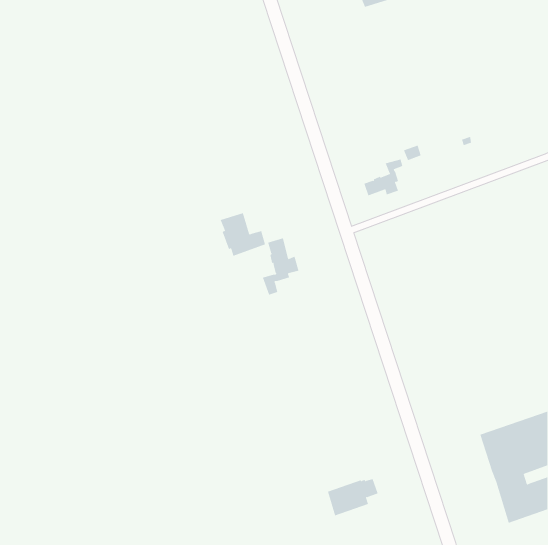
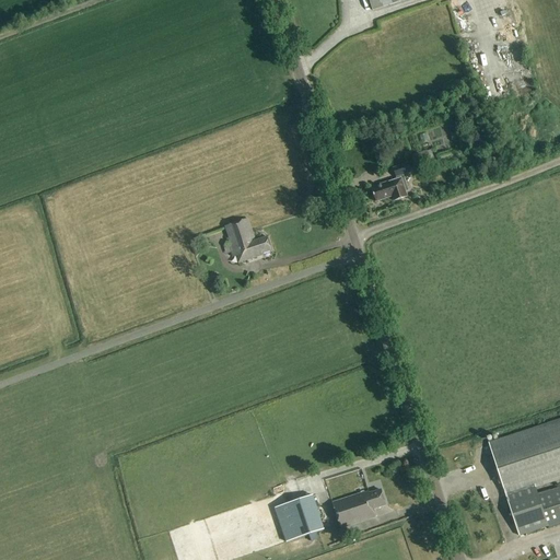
building: [262,238,299,295] -> none
building: none -> [275,493,324,540]

